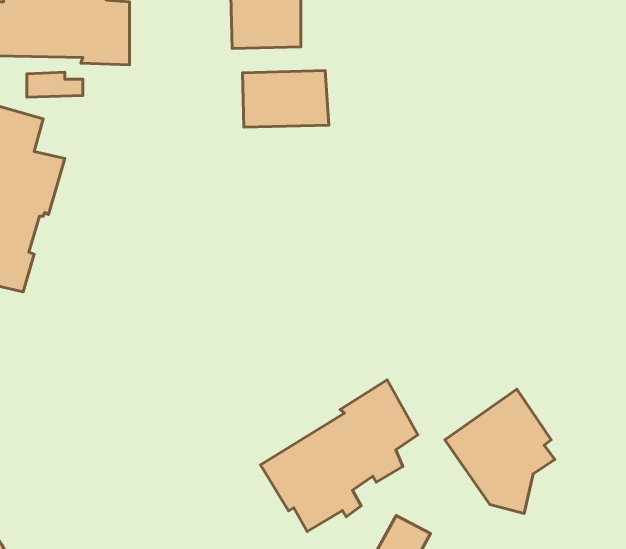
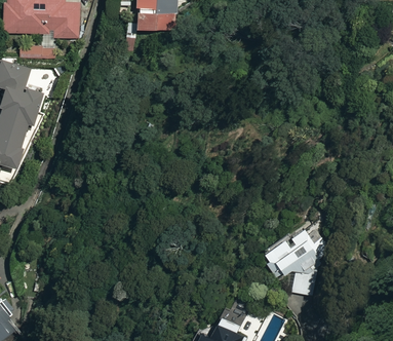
building: [242,71,329,127] -> none
building: [260,380,418,531] -> none

